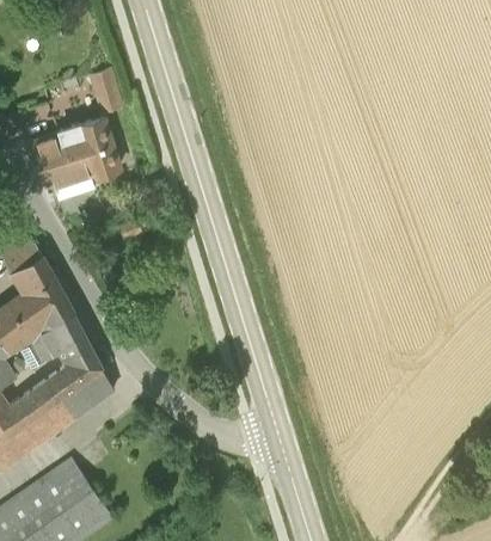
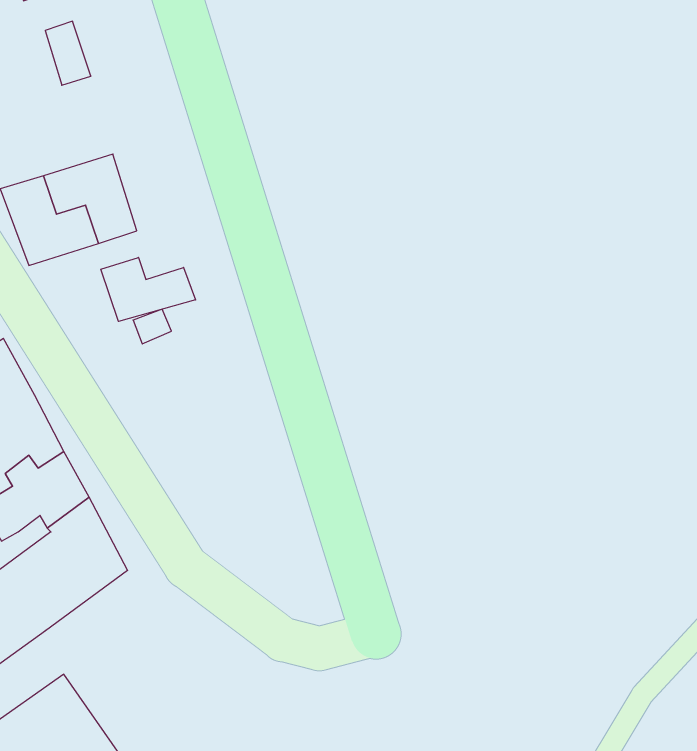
building: [91,70,121,112] -> [45,21,91,85]
building: none -> [101,257,196,321]

